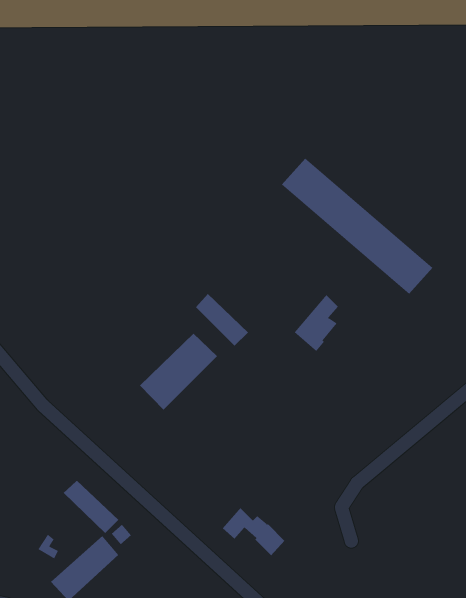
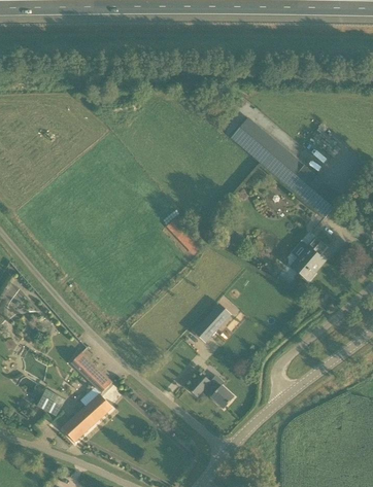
building: [294,294,339,352] -> [291,238,324,280]
building: [139,333,218,411] -> none
building: none -> [198,308,227,338]

